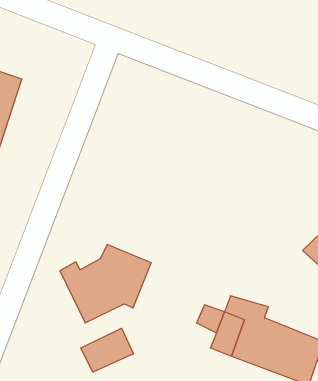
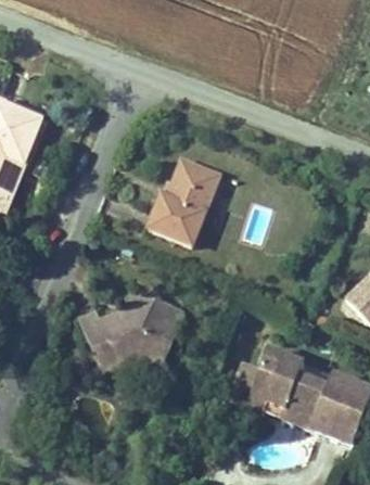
building: none -> [150,158,219,245]
building: [81,328,134,372] -> none

